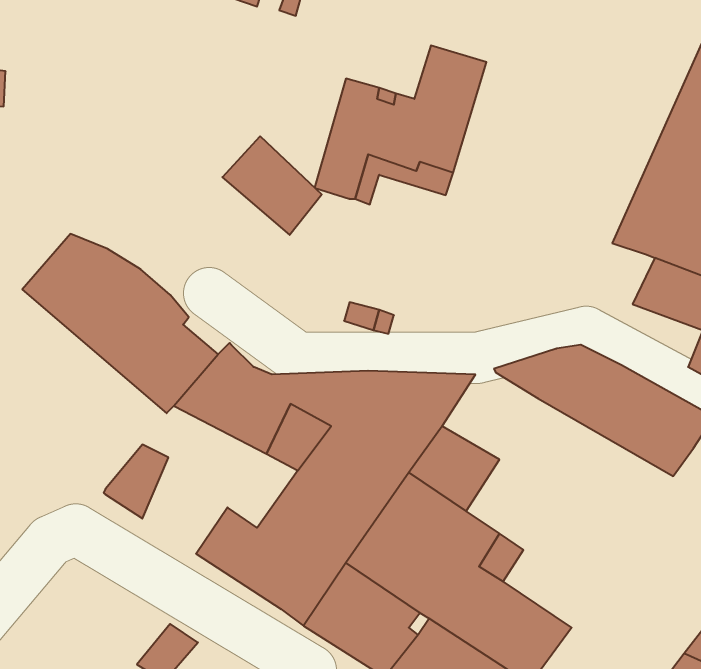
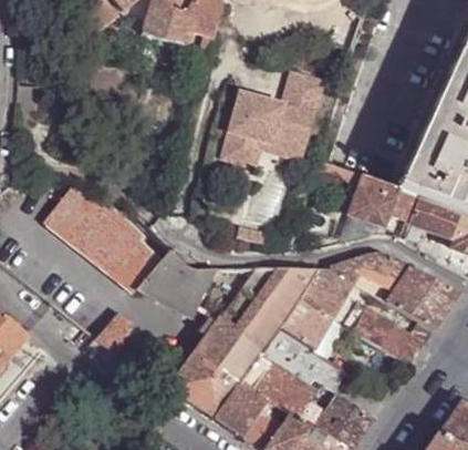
building: [222,136,322,235] -> none
building: none -> [313,158,417,228]
building: none -> [295,267,353,319]
building: none -> [343,303,423,366]

